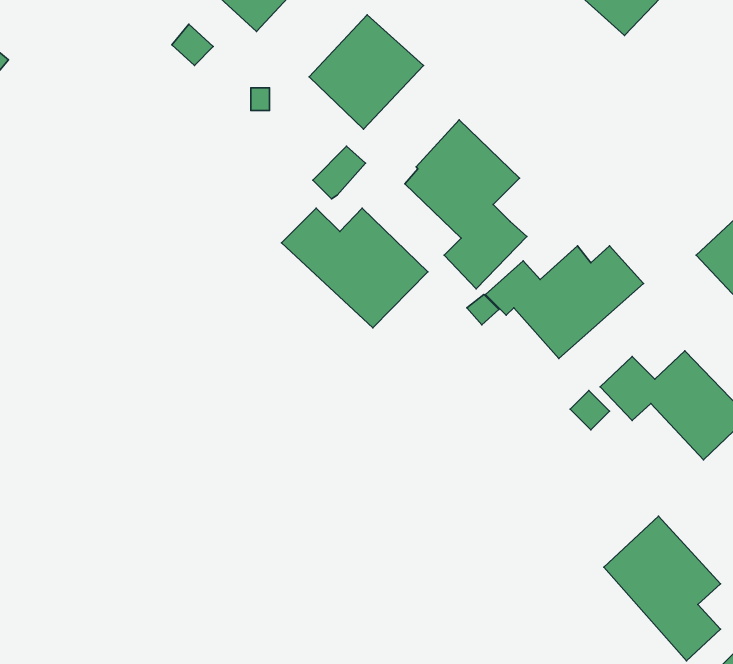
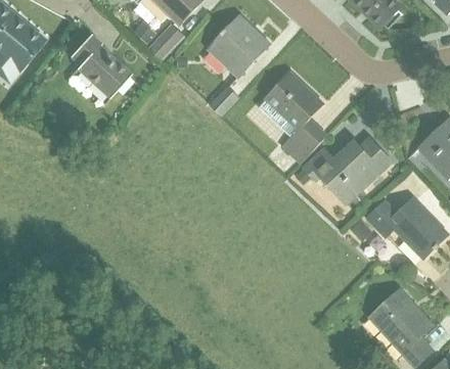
building: none -> [149,24,184,59]
building: none -> [71,33,131,98]
building: [281,208,428,328] -> none

